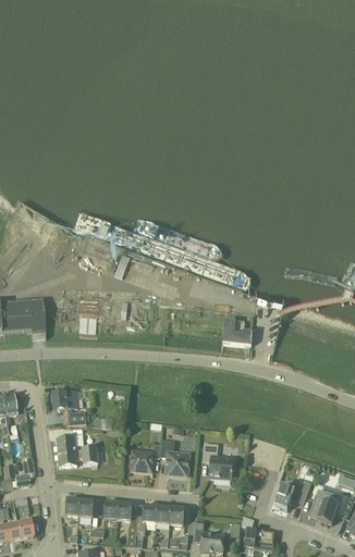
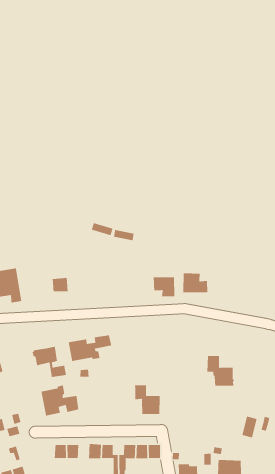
building: none -> [153,276,175,297]
building: none -> [68,334,112,362]
building: [201,441,232,478] -> [207,355,235,387]
building: [130,443,160,471] -> none

